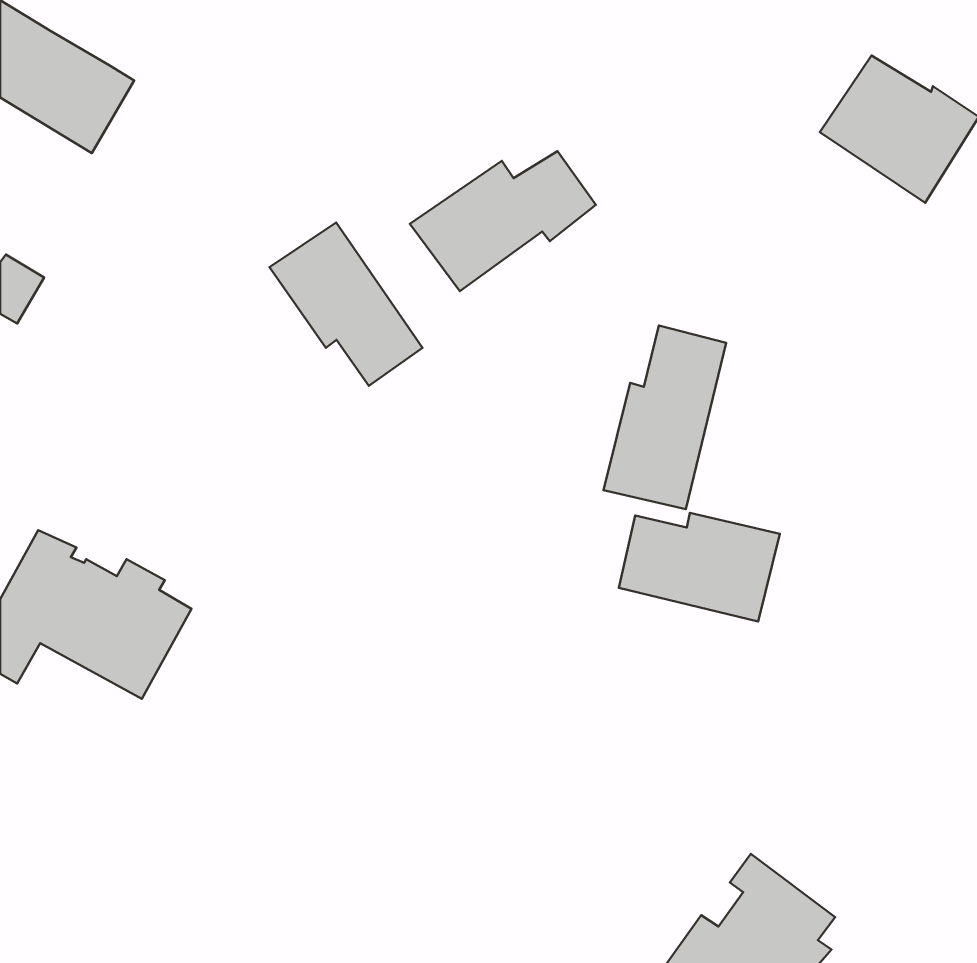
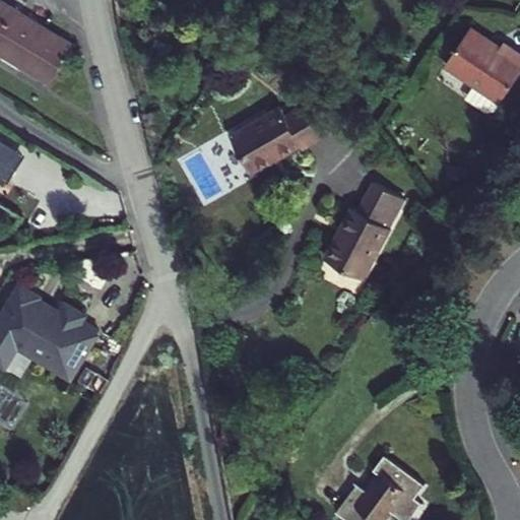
building: [270,222,422,386] -> none
building: [619,513,780,622] -> none

